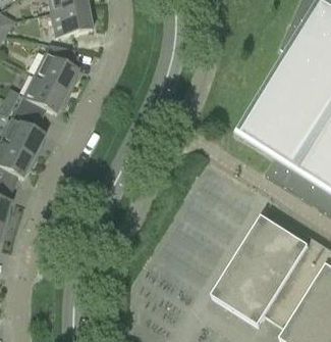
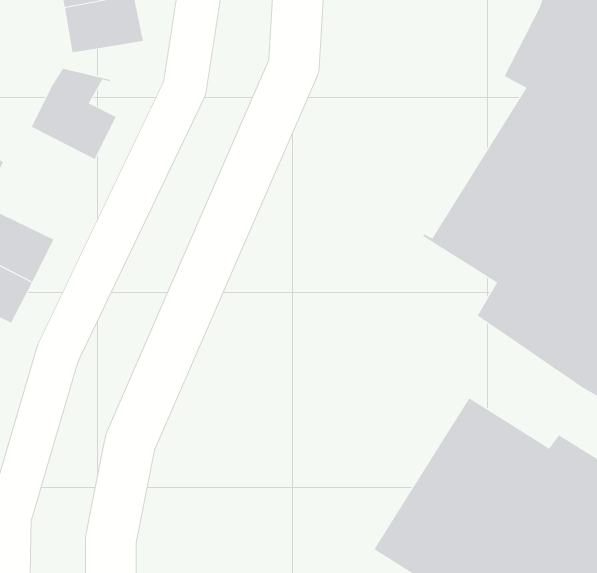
building: [22,75,67,113] -> none

